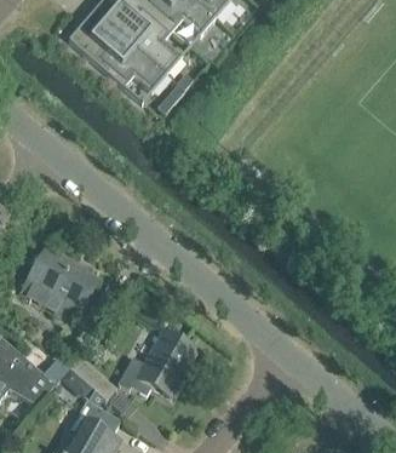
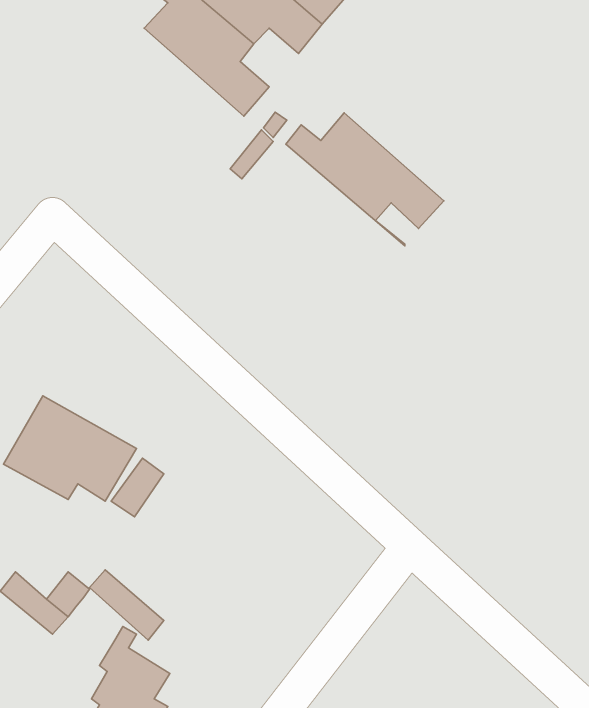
building: [68,19,166,102] -> [286,113,444,246]
building: [117,329,199,397] -> none

